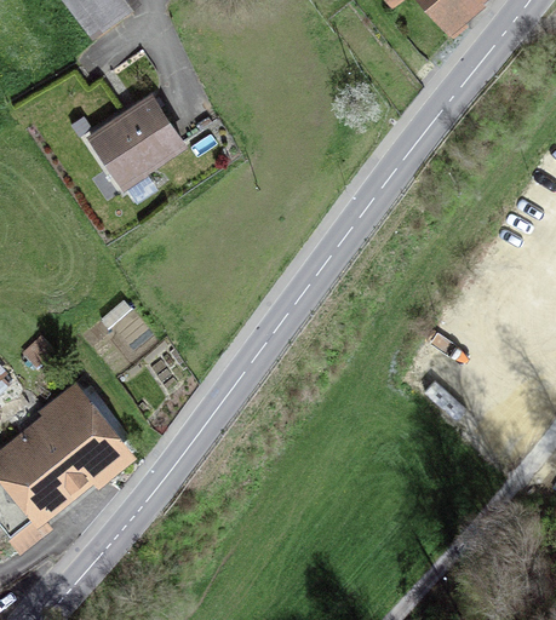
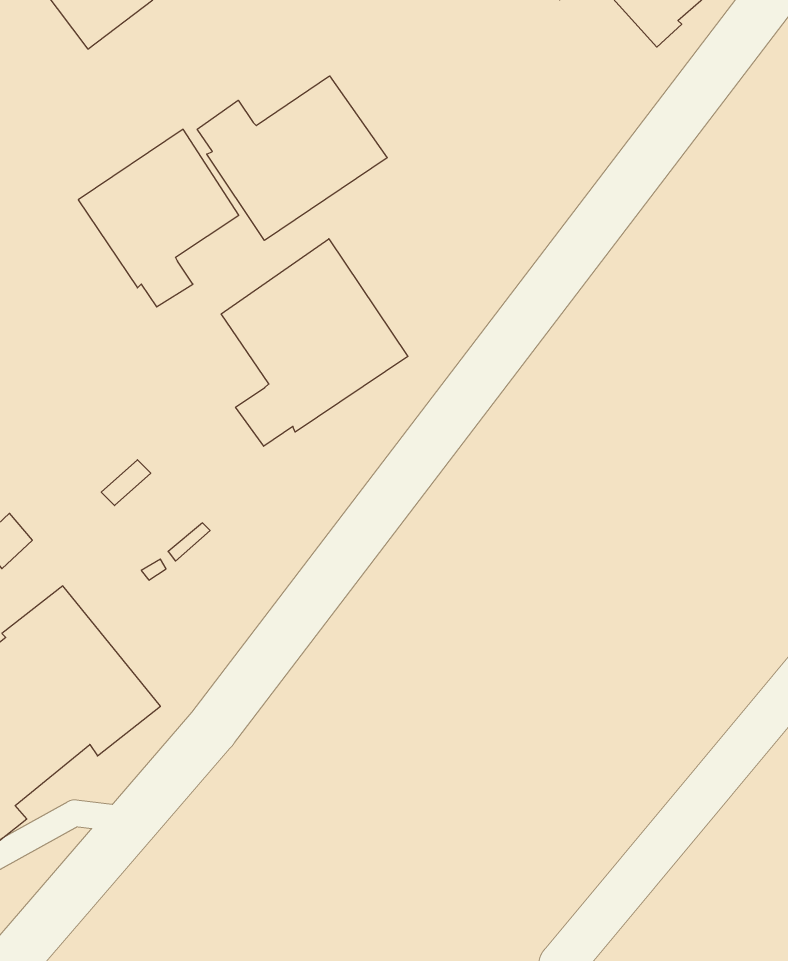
building: none -> [197,76,387,240]
building: none -> [221,239,408,446]

